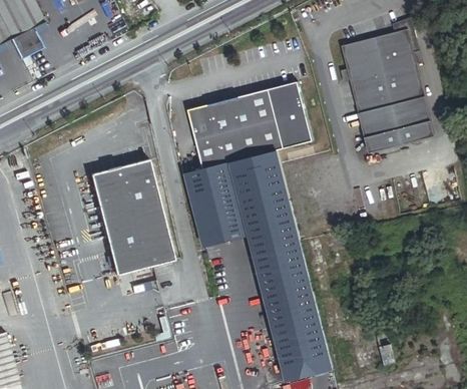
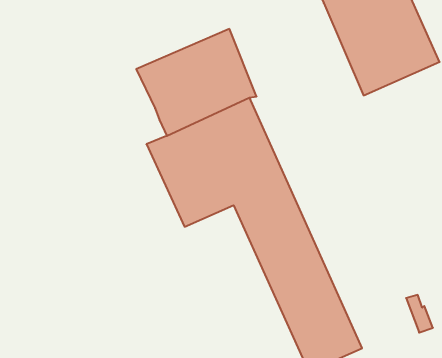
building: [269,81,312,147] -> none
building: [89,157,173,274] -> none

